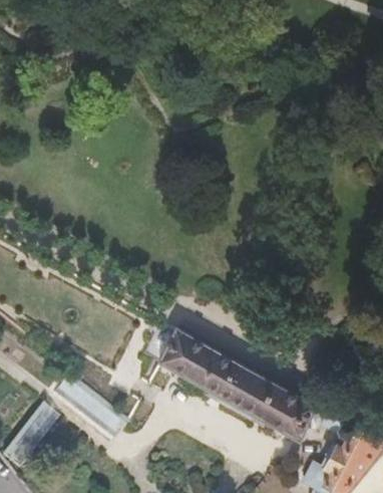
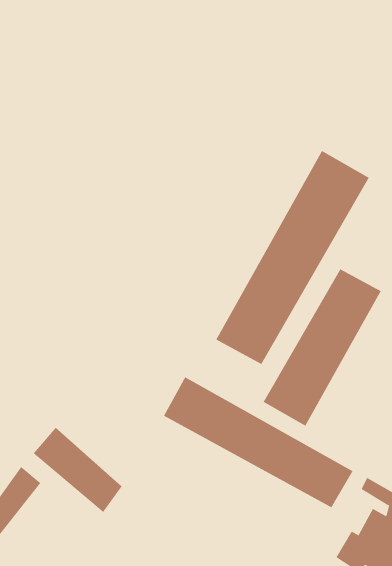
building: none -> [216,150,369,365]
building: none -> [263,268,381,427]

